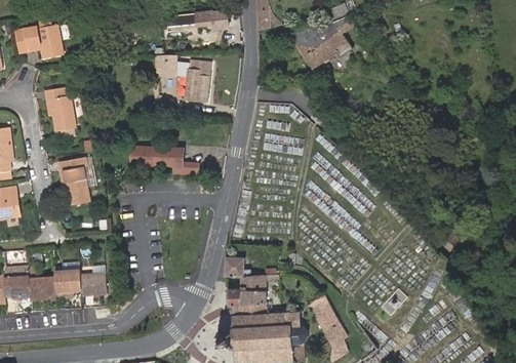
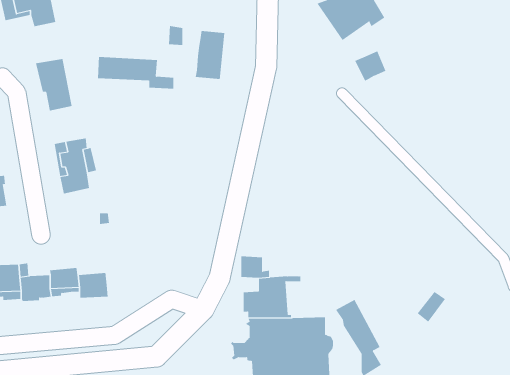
building: none -> [354,51,386,82]
building: [129,146,197,174] -> [97,56,174,89]

